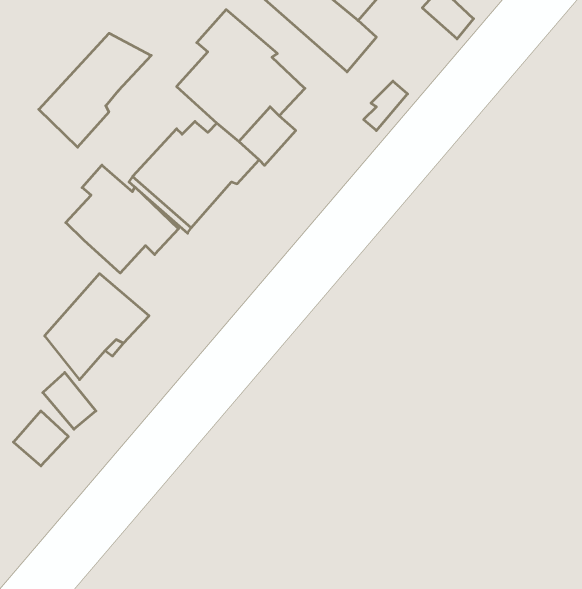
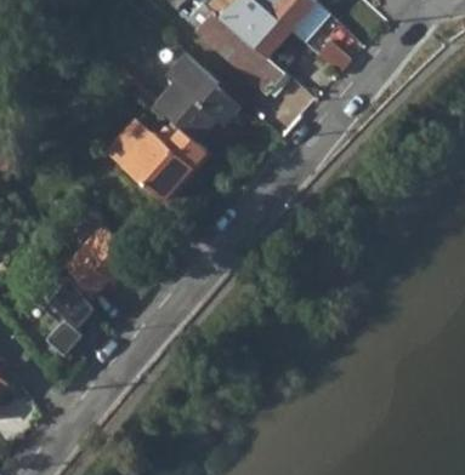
building: [39,33,151,147] -> none
building: [66,165,179,273] -> none

